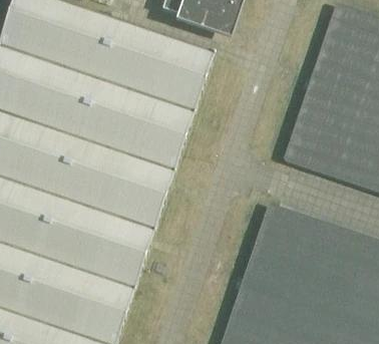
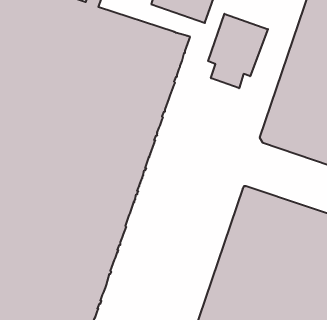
building: none -> [208,14,268,88]

